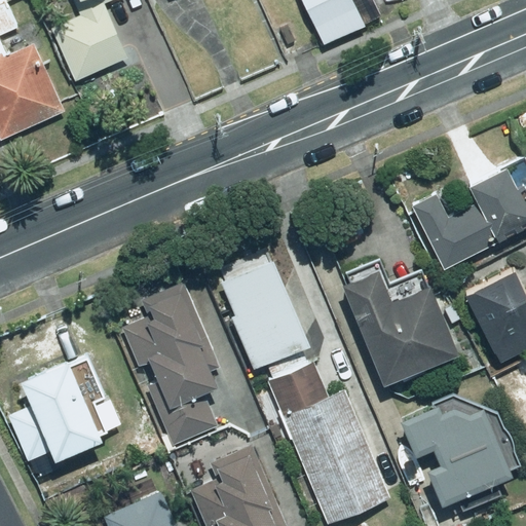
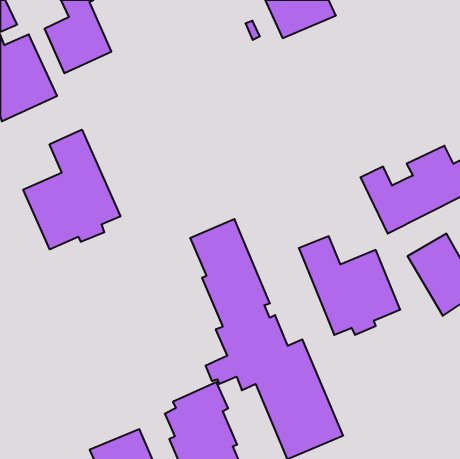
building: none -> [23,130,120,249]
building: [123,286,218,446] -> none
building: [9,362,109,461] -> none
building: [400,402,508,502] -> none

